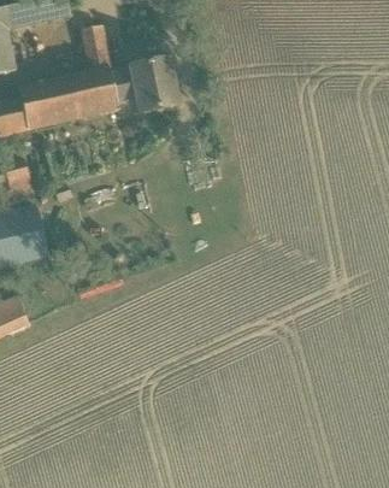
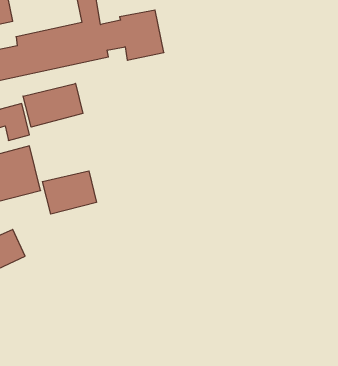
building: none -> [23,83,83,127]
building: none -> [42,171,96,214]

